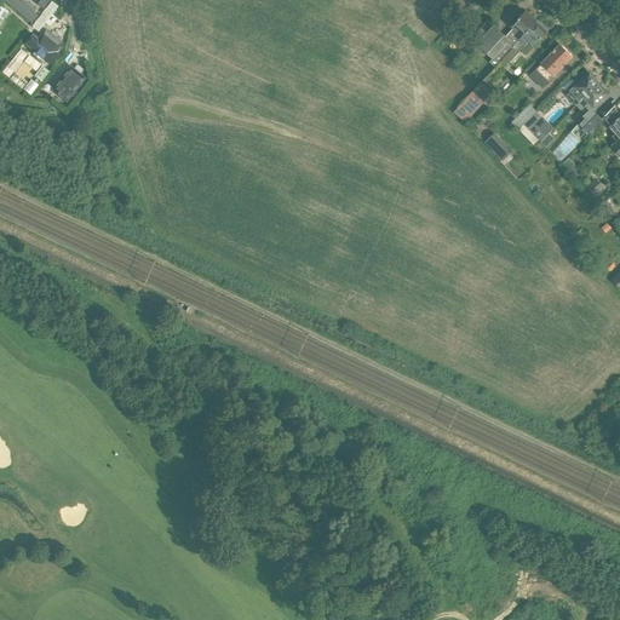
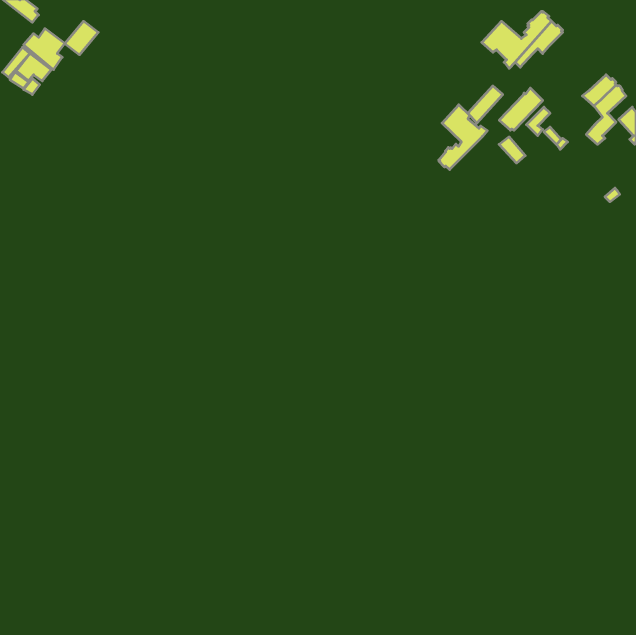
building: [530,44,573,85] -> [499,88,543,130]
building: [51,65,84,98] -> [65,21,98,55]
building: none -> [439,105,487,170]

